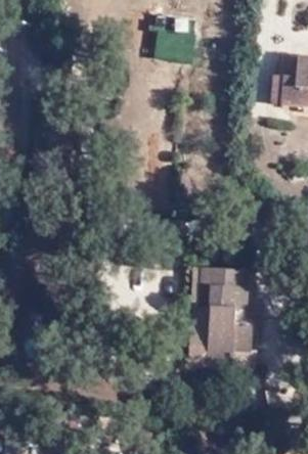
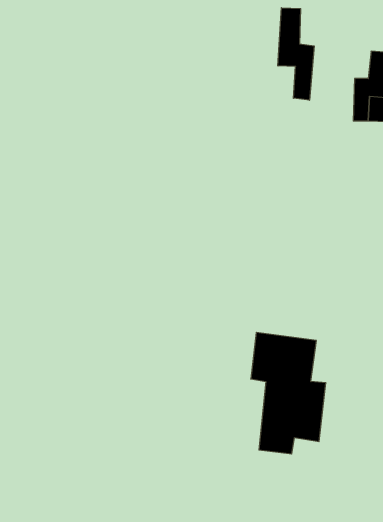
building: none -> [278,8,314,100]

